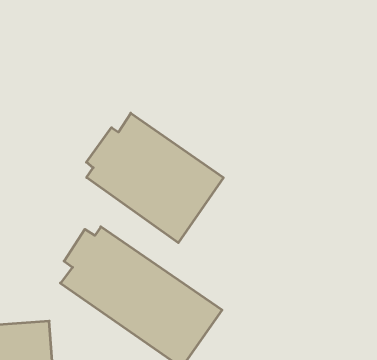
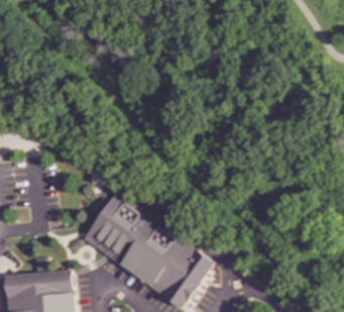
building: [86,113,223,243] -> none

